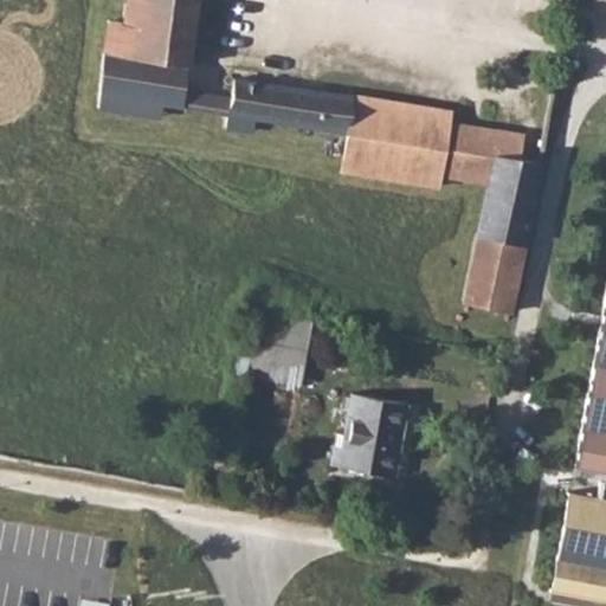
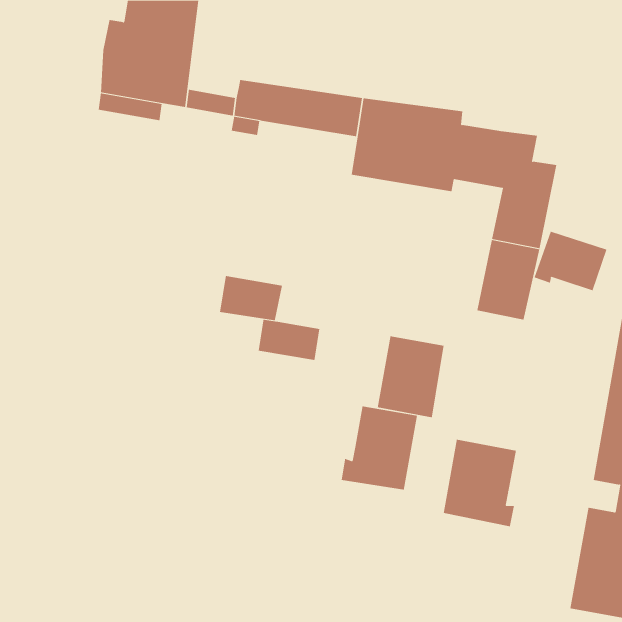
building: none -> [534,231,607,291]
building: none -> [377,336,444,418]
building: [246,342,308,386] -> [219,276,283,321]
building: none -> [443,439,516,527]

